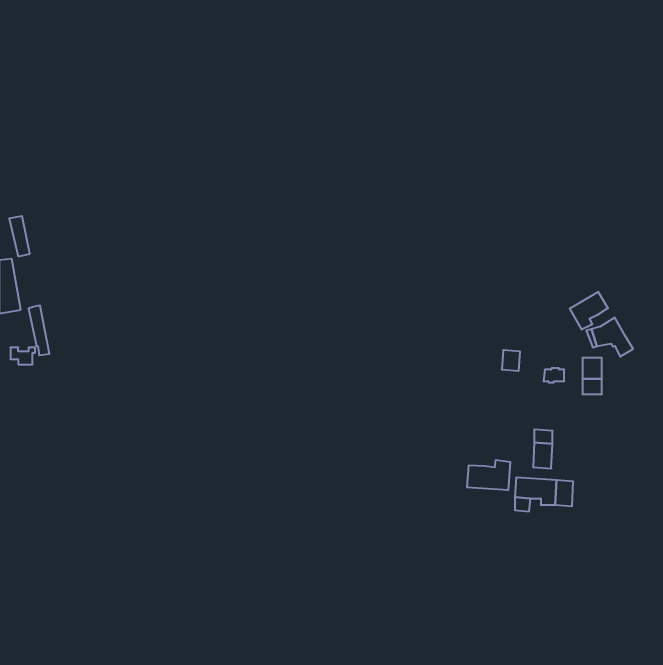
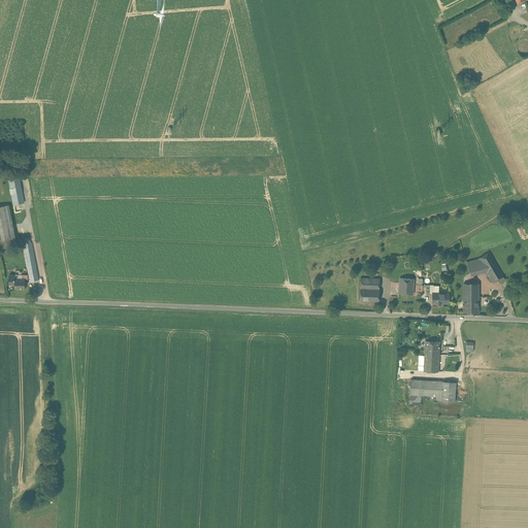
building: [570,292,608,330] -> none
building: none -> [359,277,378,301]
building: [467,460,510,490] -> none

